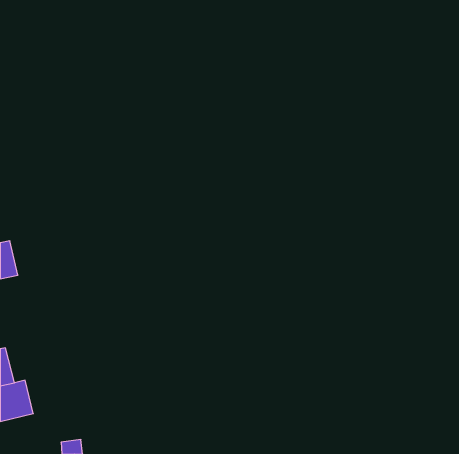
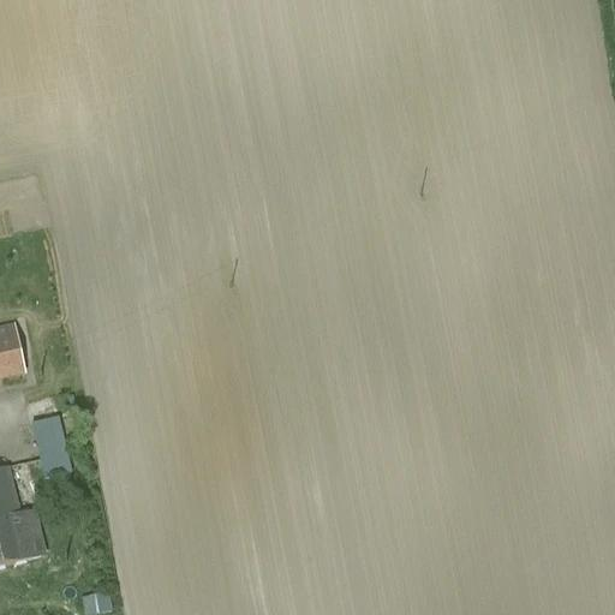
building: none -> [31,414,71,476]

